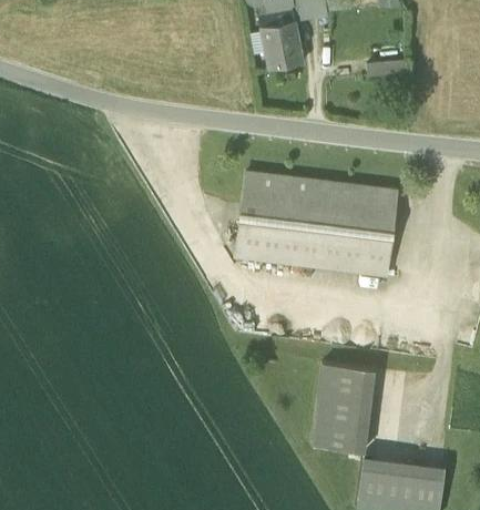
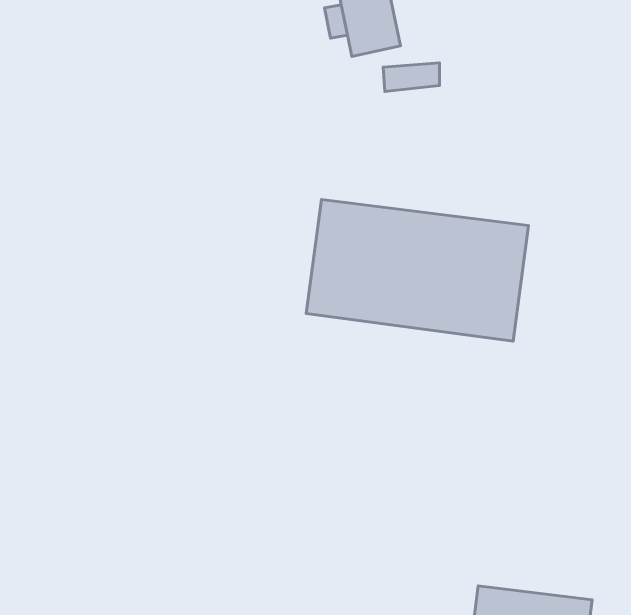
building: [366,60,407,81] -> [383,63,440,92]
building: [312,364,374,452] -> none

